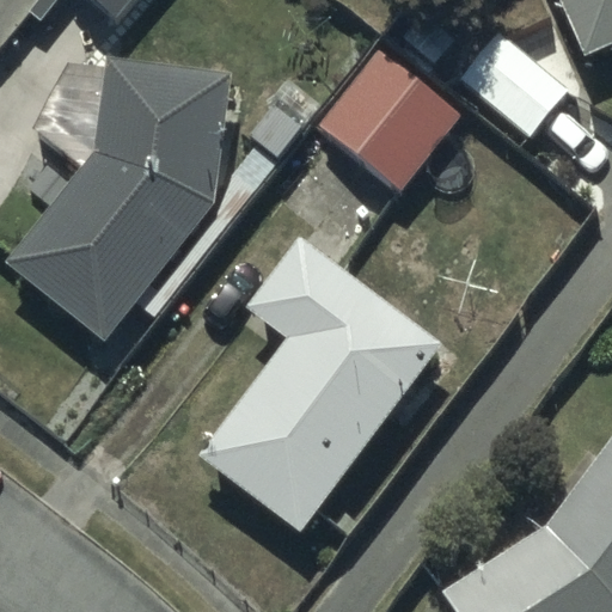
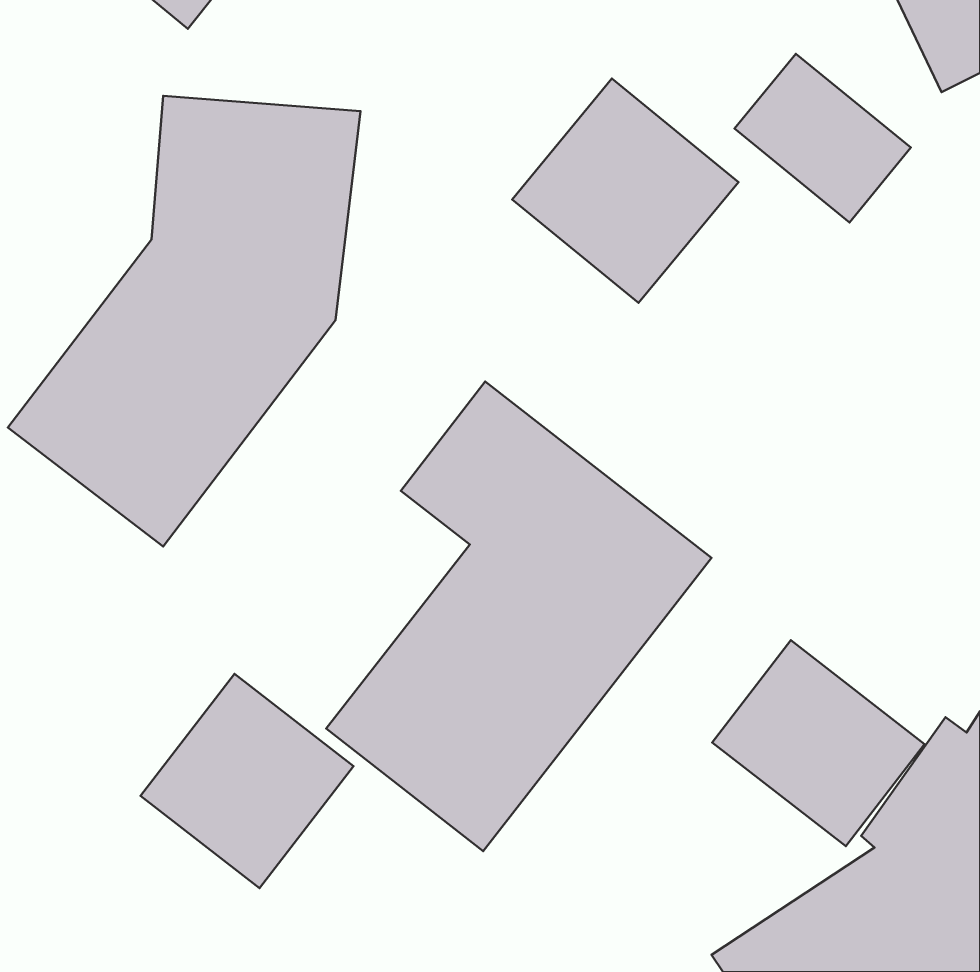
building: none -> [712,640,924,846]
building: none -> [141,674,353,888]

